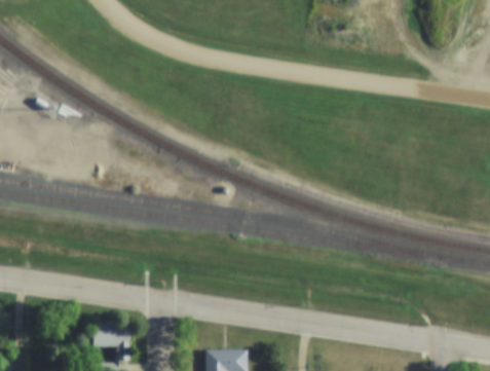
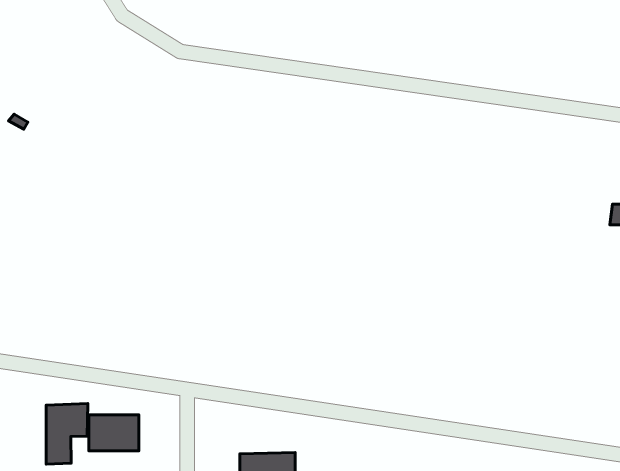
building: none -> [46,404,88,464]

